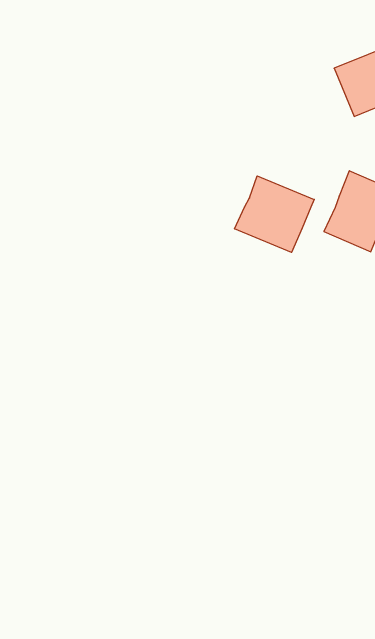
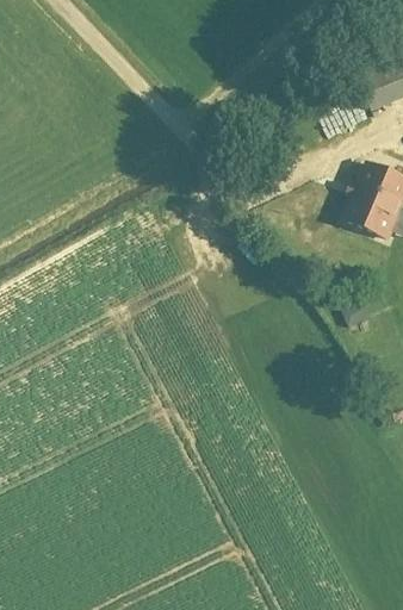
building: [235,176,314,252] -> none

